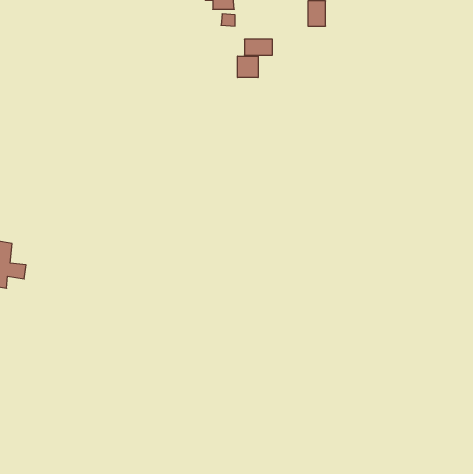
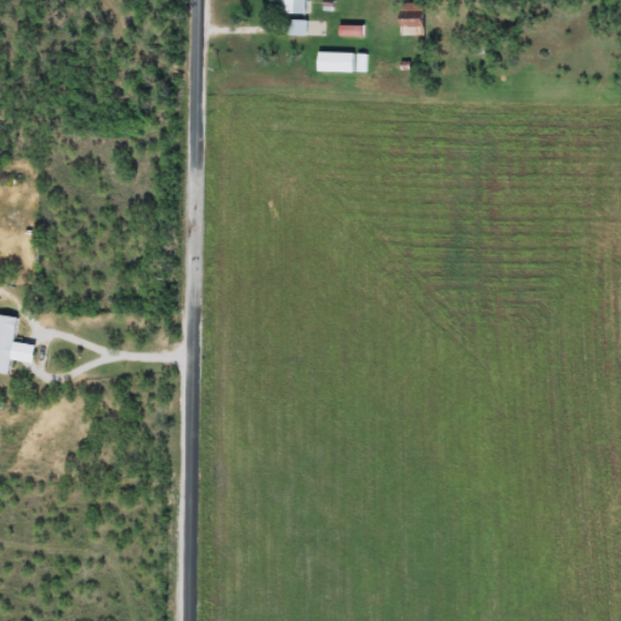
building: [238,56,258,78] -> none

